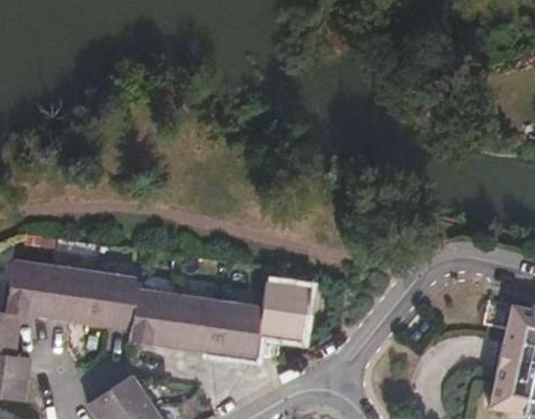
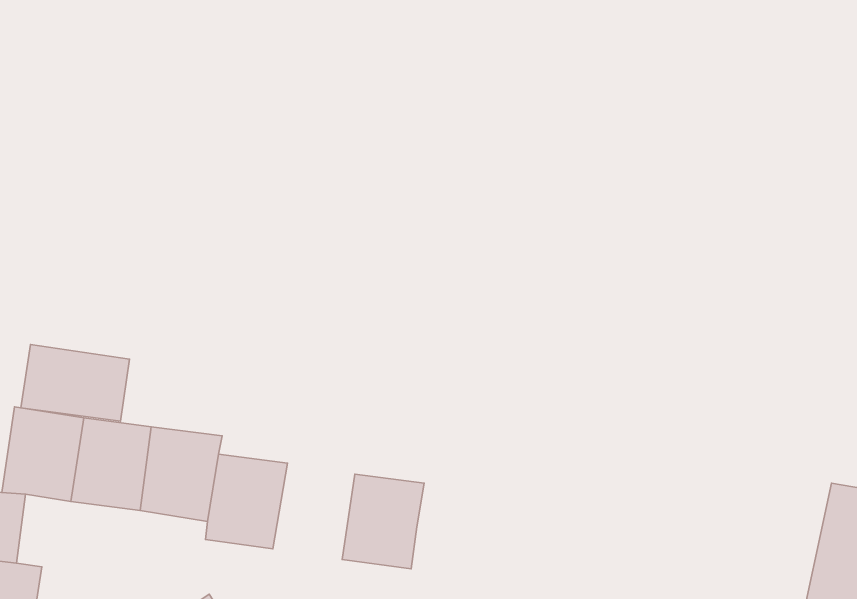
building: none -> [21,344,130,421]
building: [258,282,308,338] -> none
building: [171,294,220,352] -> none

